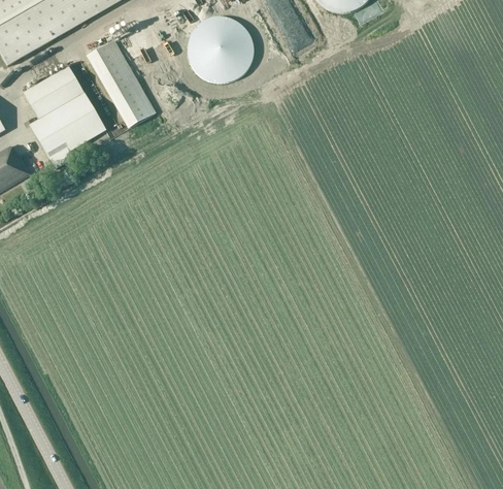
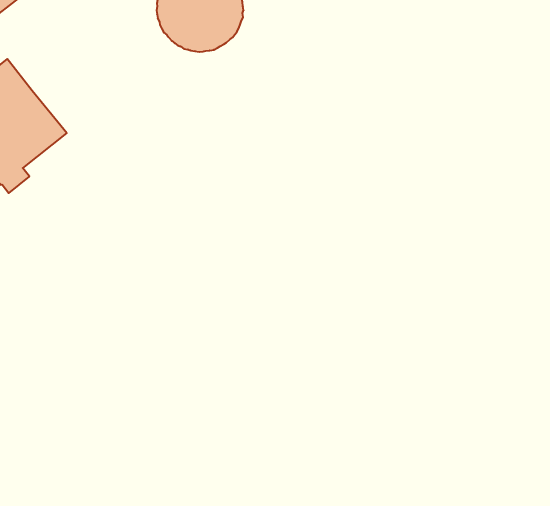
building: [86,38,156,130] -> none

